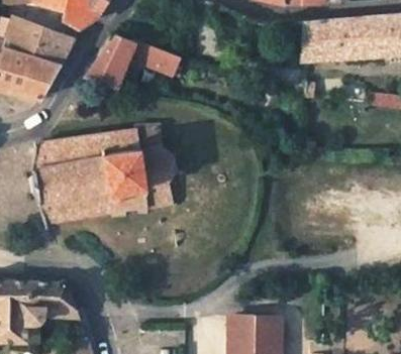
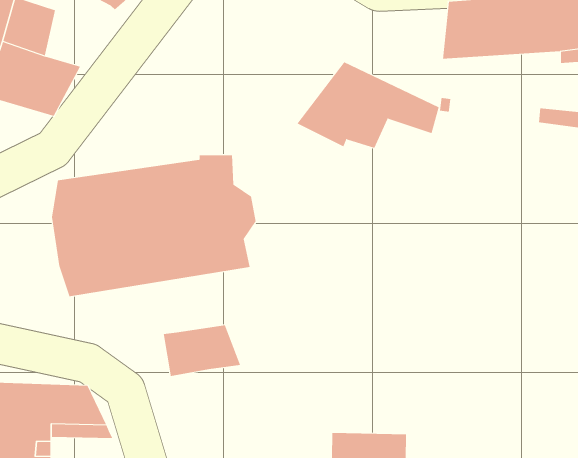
building: [33,26,71,65] -> none
building: [88,34,186,94] -> [297,62,440,149]
building: none -> [163,325,241,377]

